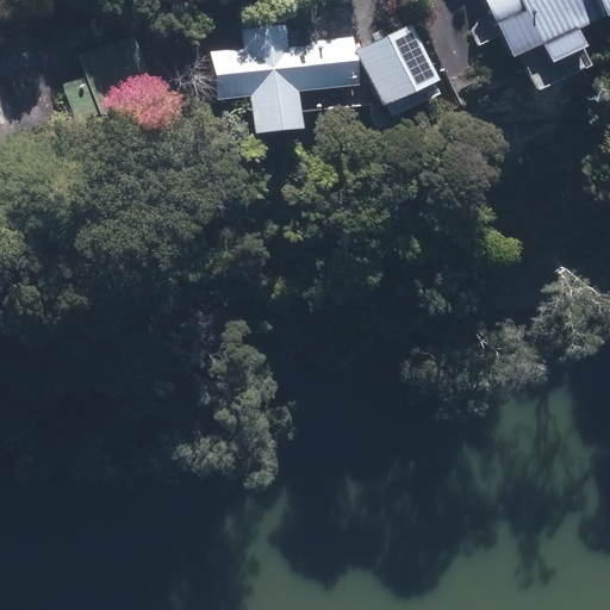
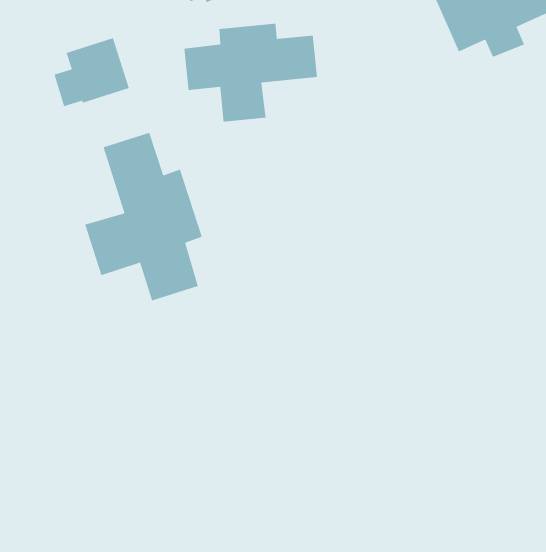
building: [357,30,437,108] -> none
building: none -> [84,132,203,301]

